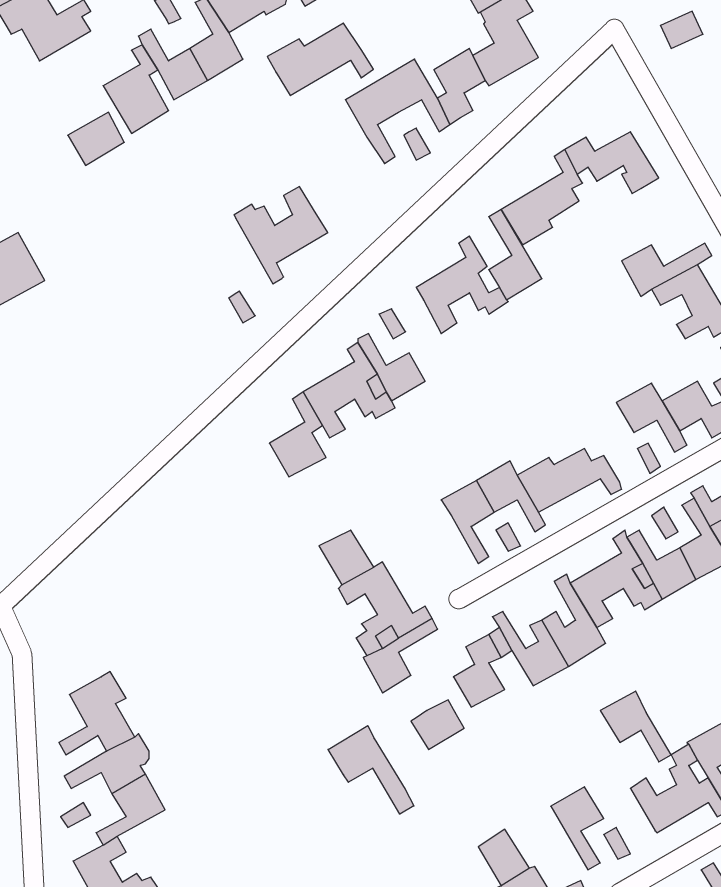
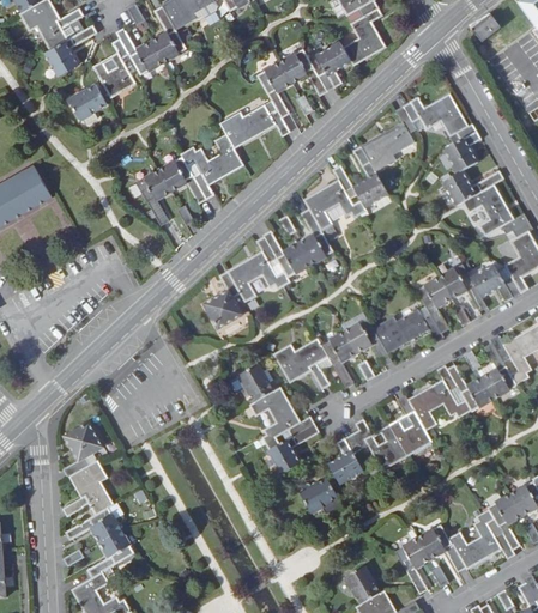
building: [267,23,373,96] -> [218,99,290,148]
building: none -> [43,23,97,75]
building: none -> [445,126,480,175]
building: none -> [135,154,206,225]
building: none -> [298,210,332,265]
building: none -> [416,279,451,333]
building: none -> [272,338,328,388]
building: none -> [62,425,102,478]
building: [600,691,671,762] -> [417,526,465,573]
building: [328,726,414,814] -> none

